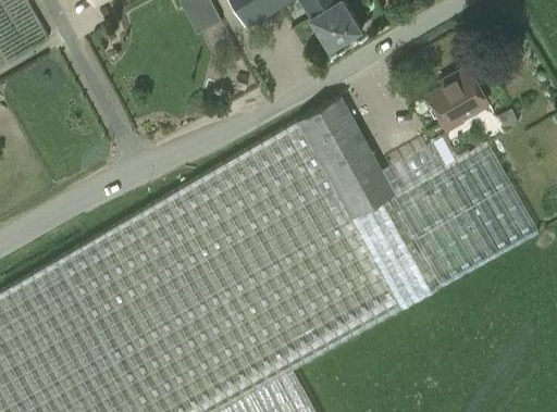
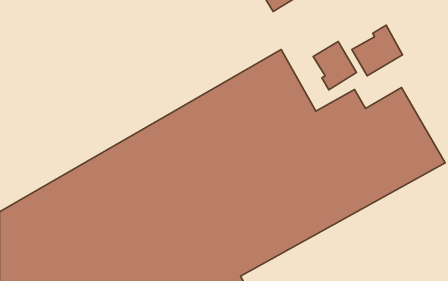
building: none -> [313,42,356,90]

